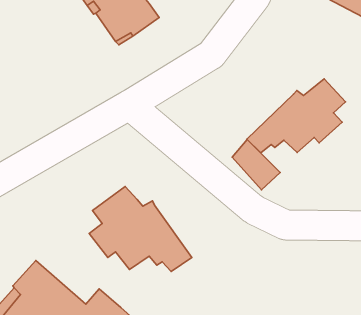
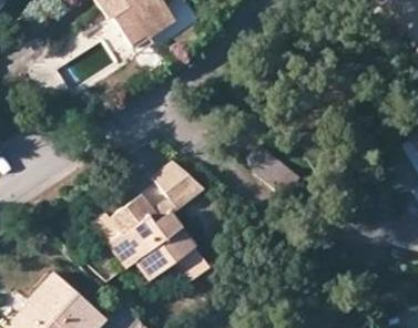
building: [247,79,346,153] -> none
building: none -> [153,161,204,215]

